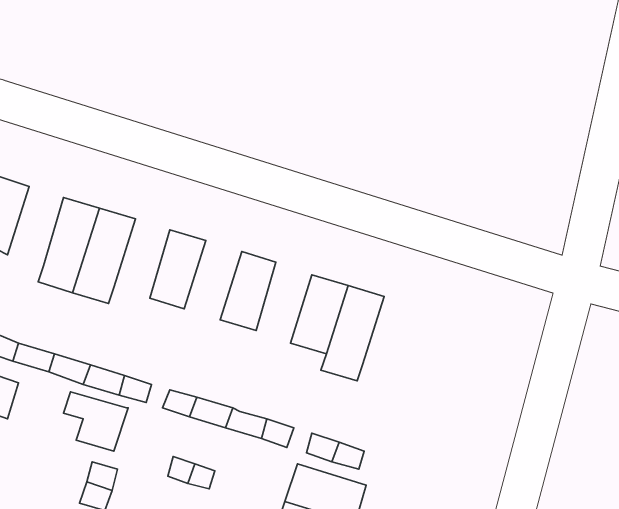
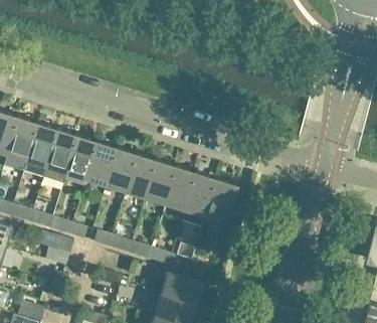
building: none -> [7,118,38,162]
building: none -> [66,136,98,180]
building: none -> [106,148,138,192]
building: none -> [146,160,177,205]
building: none -> [205,179,237,223]

